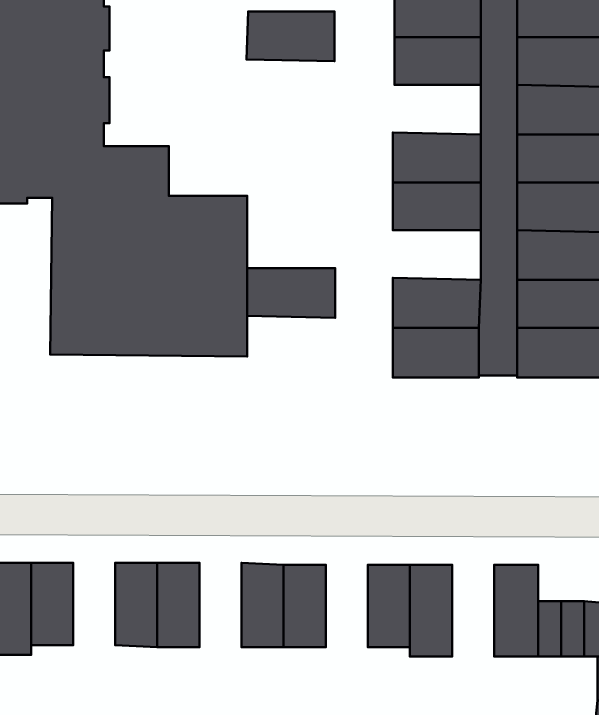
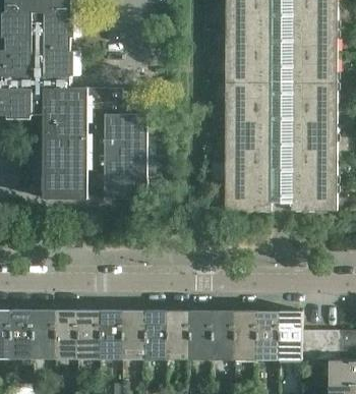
building: [246,12,334,61] -> [225,56,272,82]
building: [247,268,335,318] -> [225,133,272,160]
building: none -> [55,311,77,354]
building: none -> [122,311,144,359]
building: none -> [189,312,212,355]
building: none -> [256,312,279,360]

